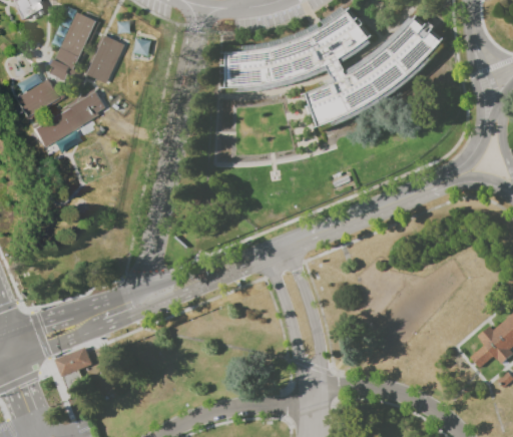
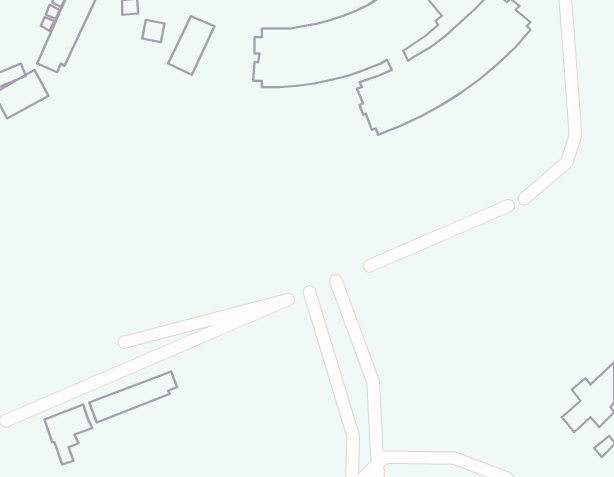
building: [87,35,124,82] -> [168,16,214,75]
building: [32,91,105,146] -> none
building: none -> [89,371,177,423]

